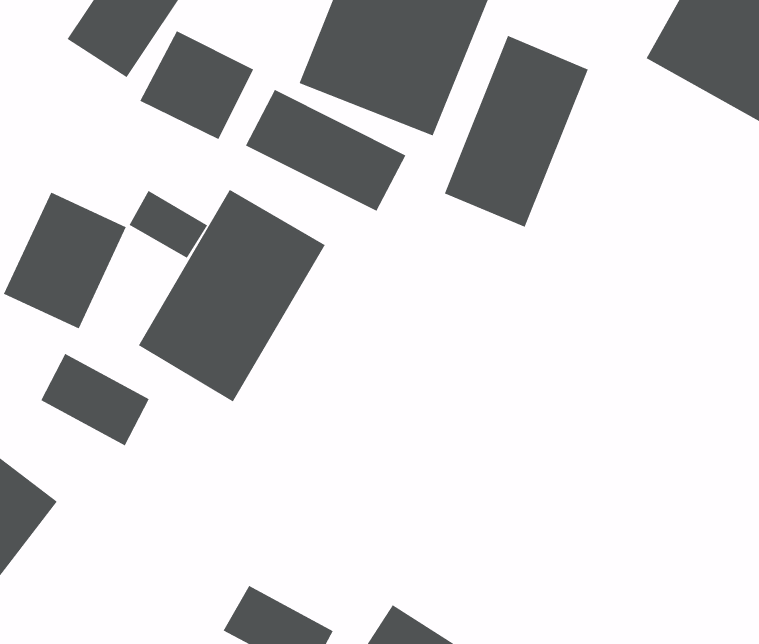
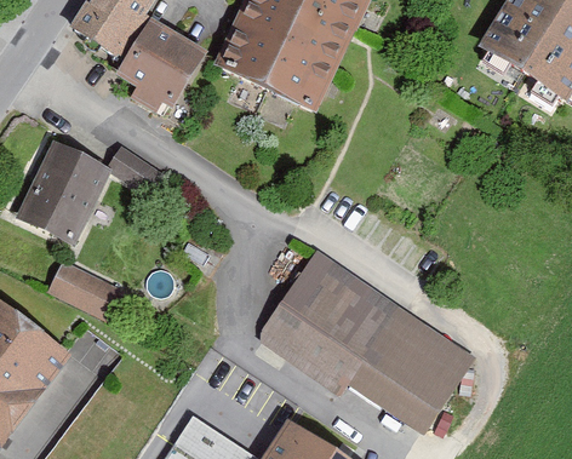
building: [444,35,589,228] -> none
building: [245,89,406,212] -> none
building: [138,189,326,403] -> none
building: none -> [265,253,469,423]

